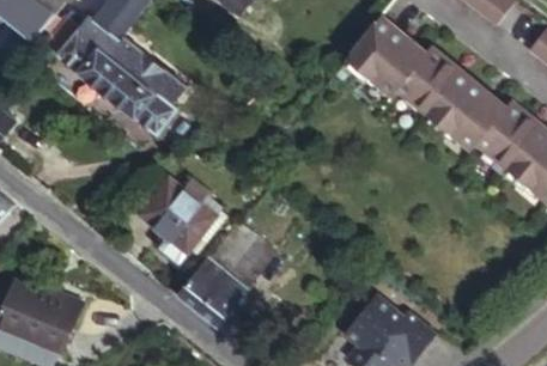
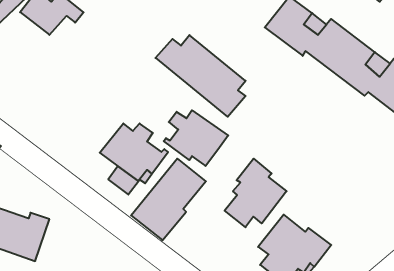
building: [77,39,190,142] -> [155,35,246,117]
building: none -> [164,110,228,166]
building: none -> [225,159,287,227]

